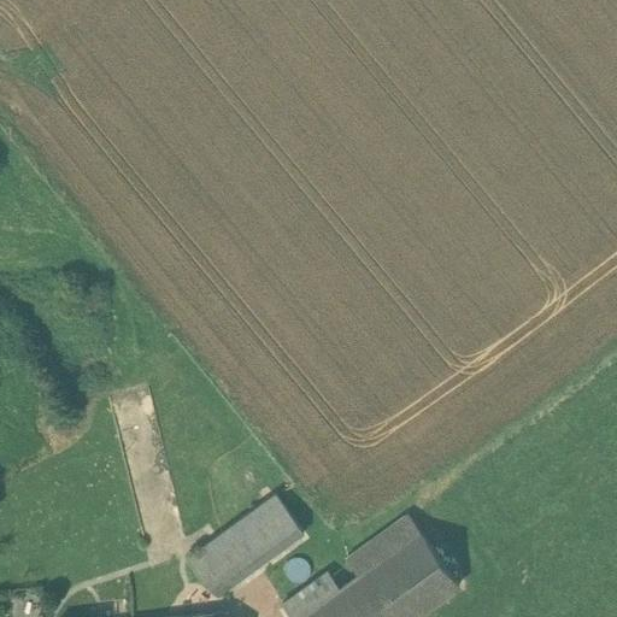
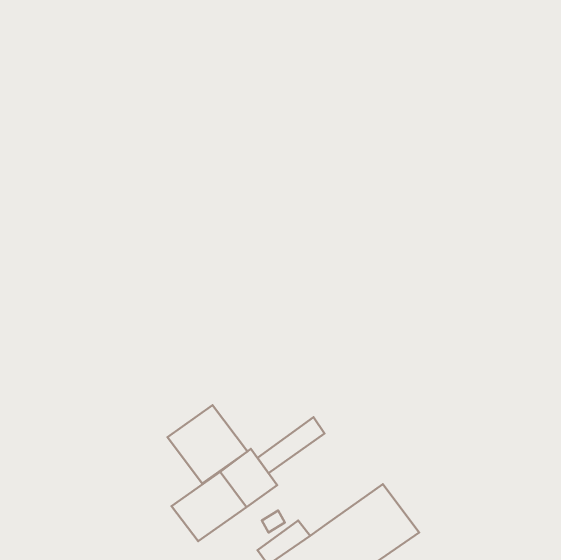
building: none -> [168,405,247,484]
building: [346,515,419,576] -> [257,417,325,473]

